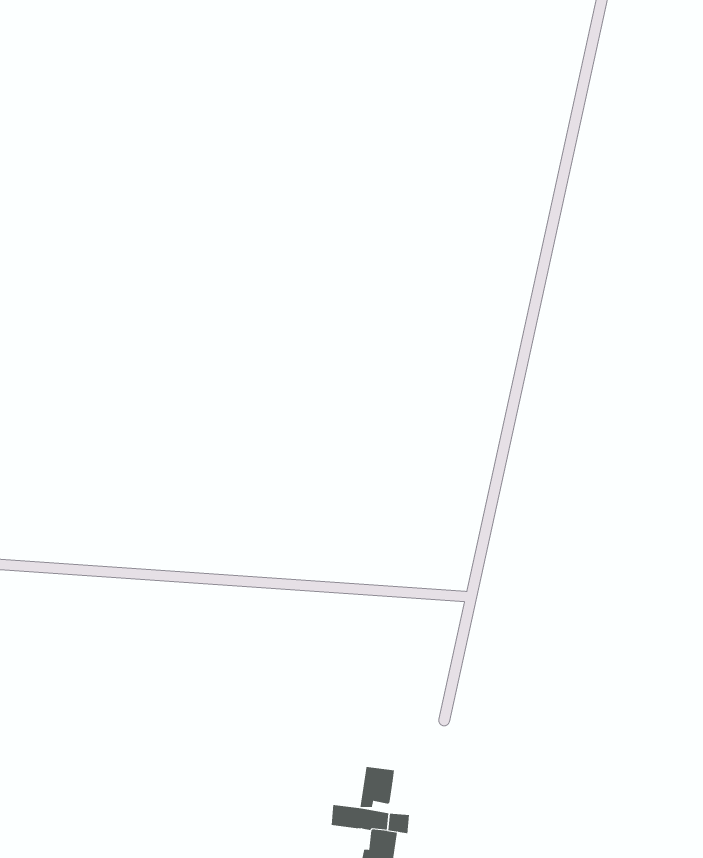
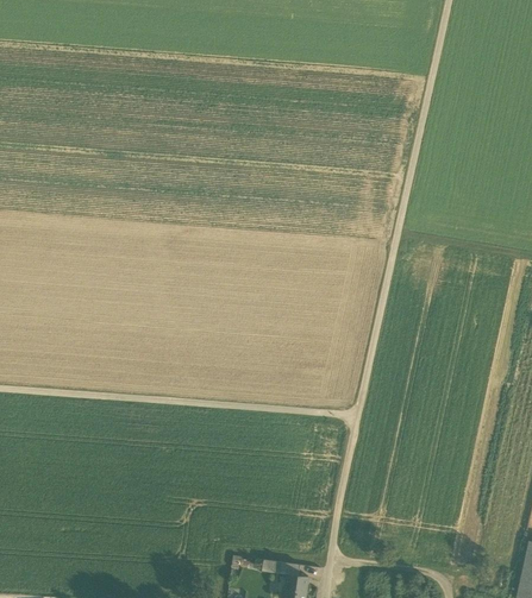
building: [360,766,394,808] -> none

